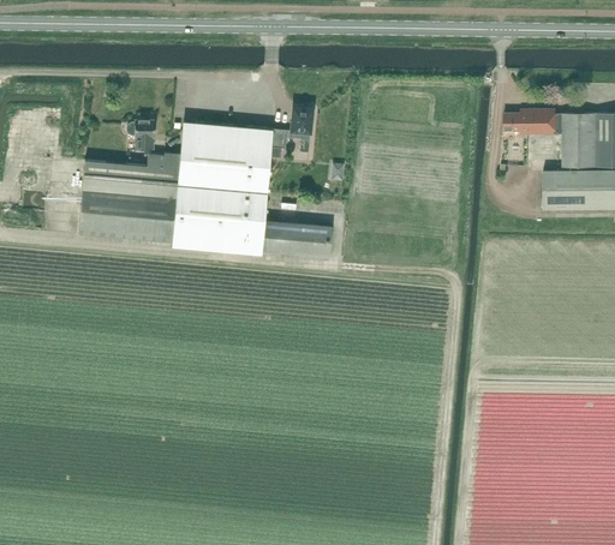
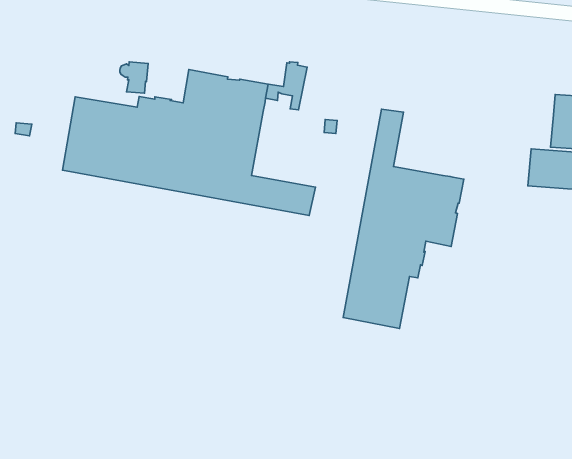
building: [503,110,562,134] -> none
building: none -> [343,109,464,329]

